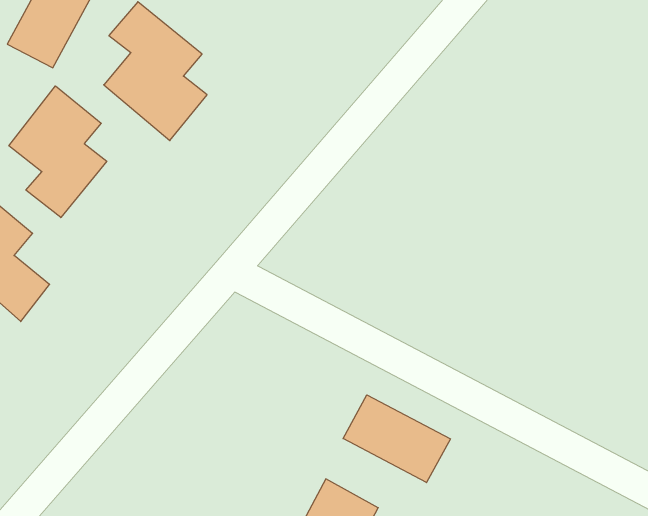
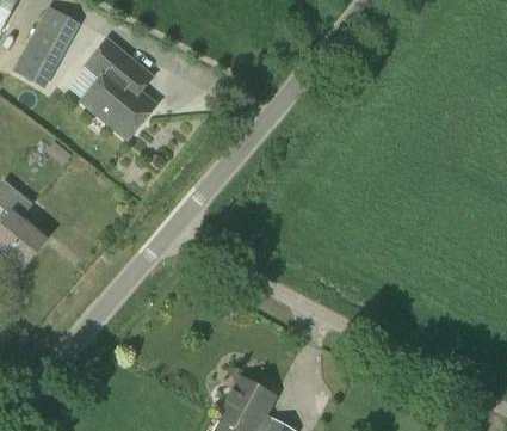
building: [9,86,107,218] -> none
building: [343,395,450,483] -> none

